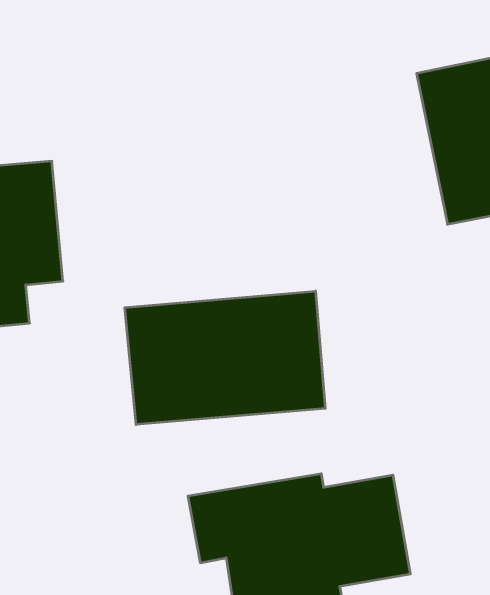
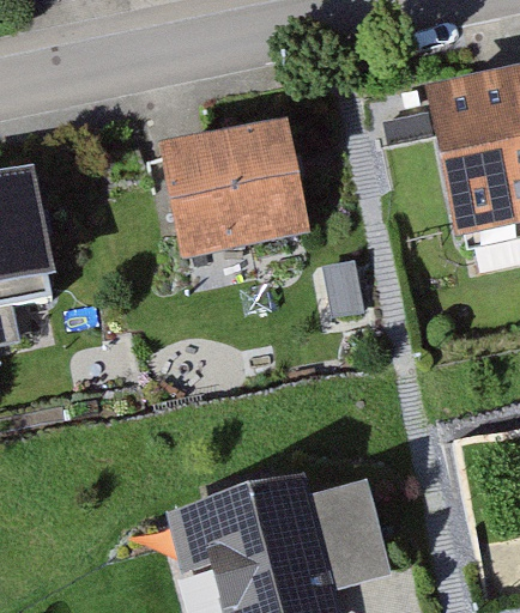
building: none -> [179,132,312,250]
building: [125,291,325,425] -> none

